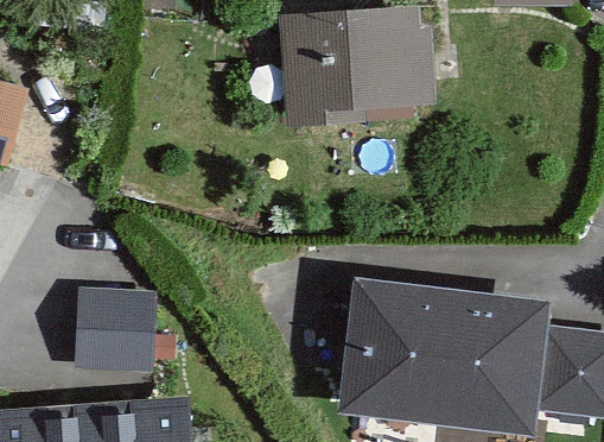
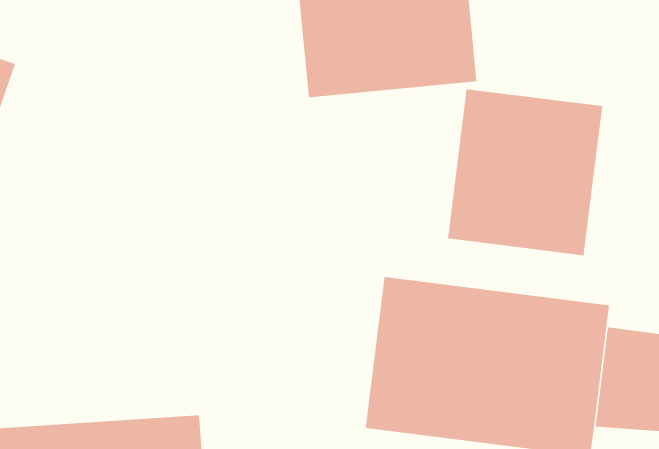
building: none -> [447,88,603,256]
building: [75,290,155,362] -> none

